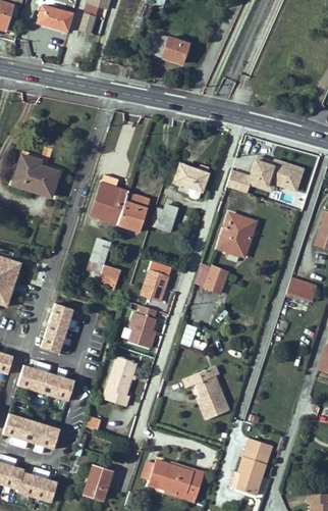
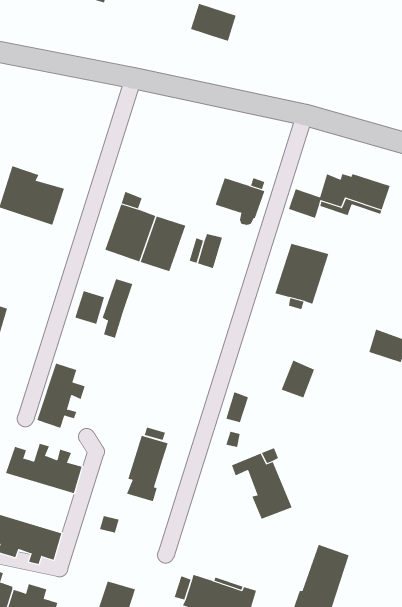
building: [141,260,172,301] -> none
building: [98,264,120,290] -> [75,290,105,325]
building: [204,265,229,294] -> [281,360,315,398]
building: [128,306,156,348] -> none

